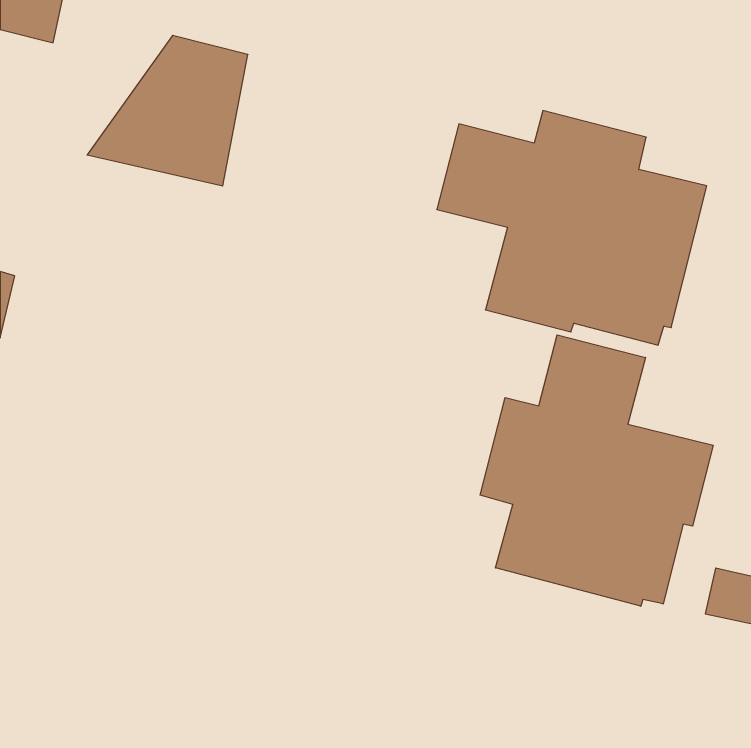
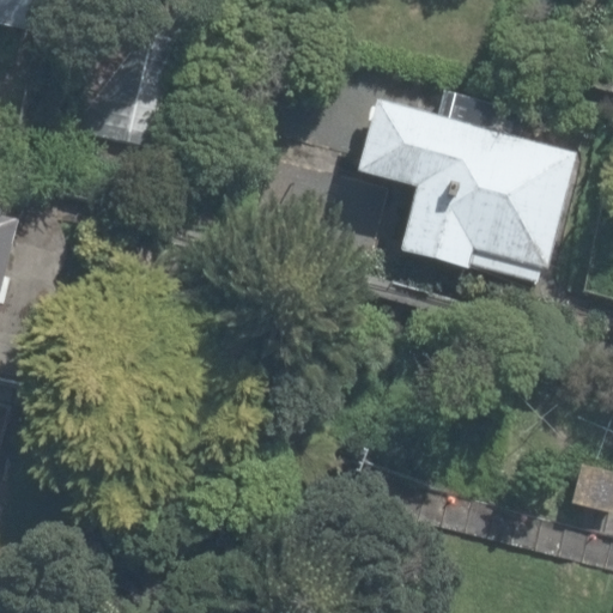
building: [480,335,713,606] -> none

